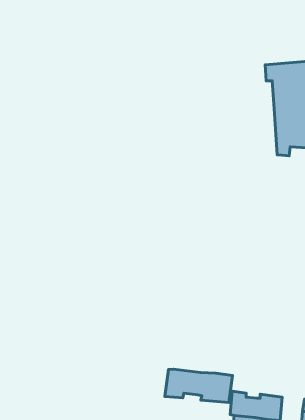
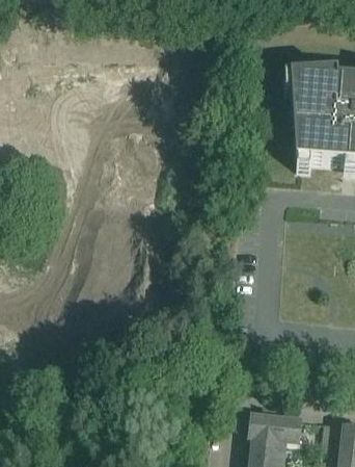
building: [165,369,232,403] -> none

